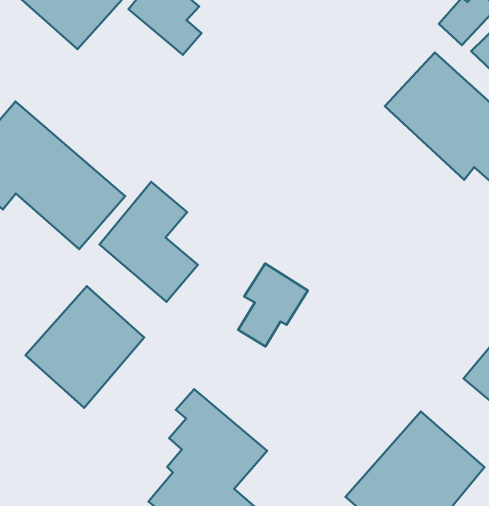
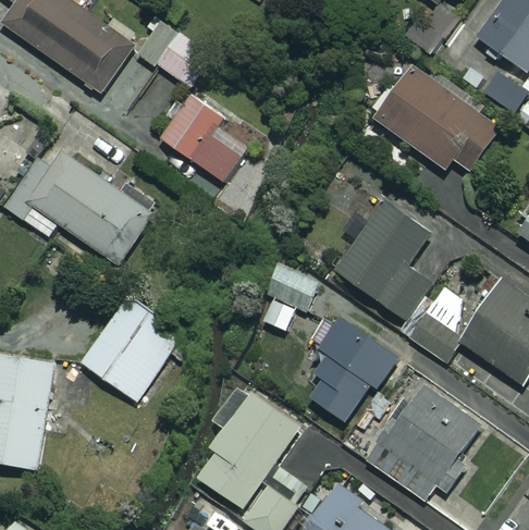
building: [99,182,198,302] -> [160,79,247,182]
building: none -> [334,192,453,319]
building: none -> [401,288,469,363]
building: none -> [308,324,394,423]

